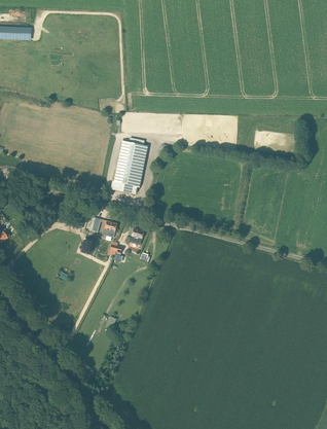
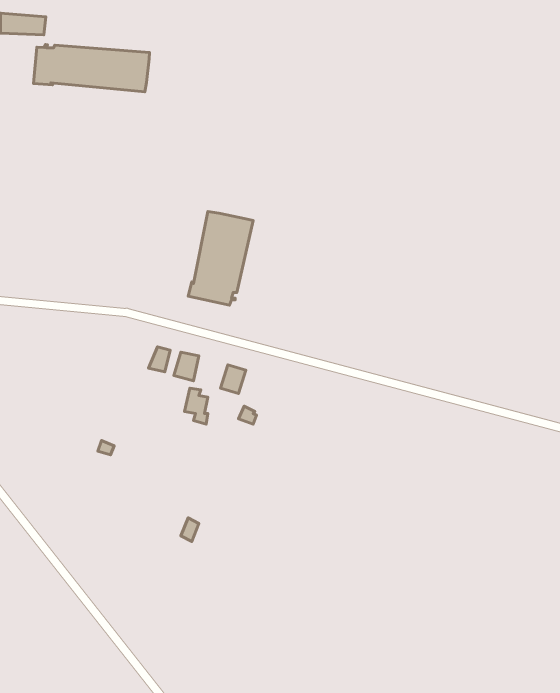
building: none -> [34,44,149,92]

